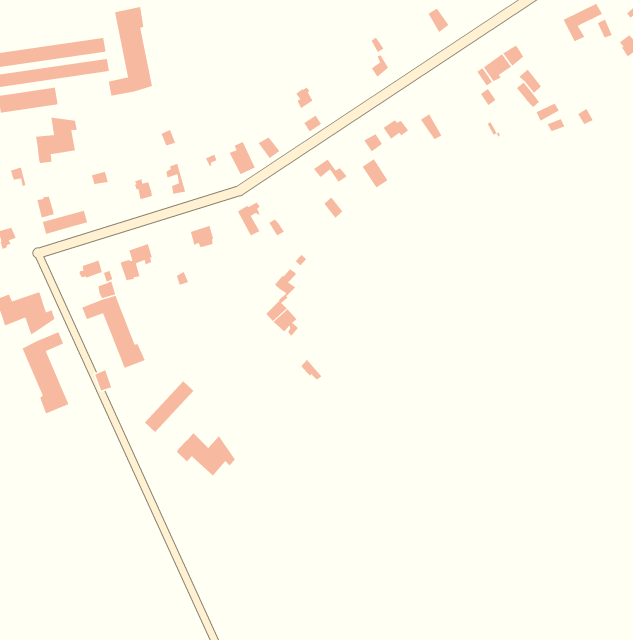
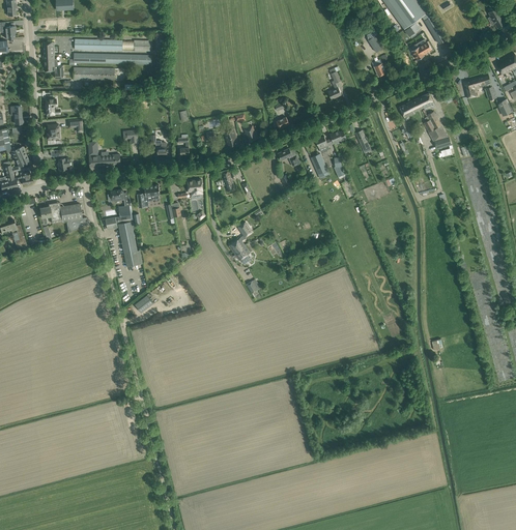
building: [108,6,153,97] -> none
building: [35,117,78,164] -> none
building: [21,331,69,415] -> none
building: [176,432,236,476] -> none

